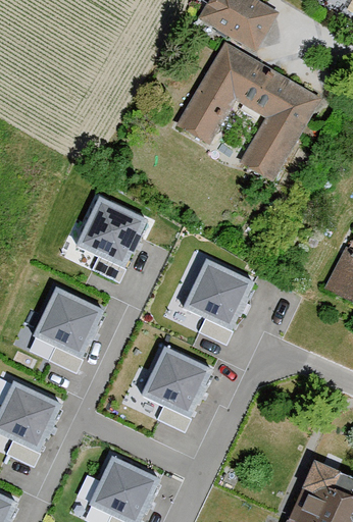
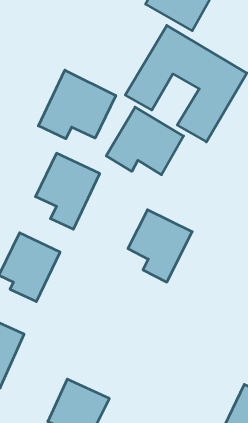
building: none -> [38,70,116,139]
building: none -> [106,107,184,175]
building: [140,344,213,431] -> none

